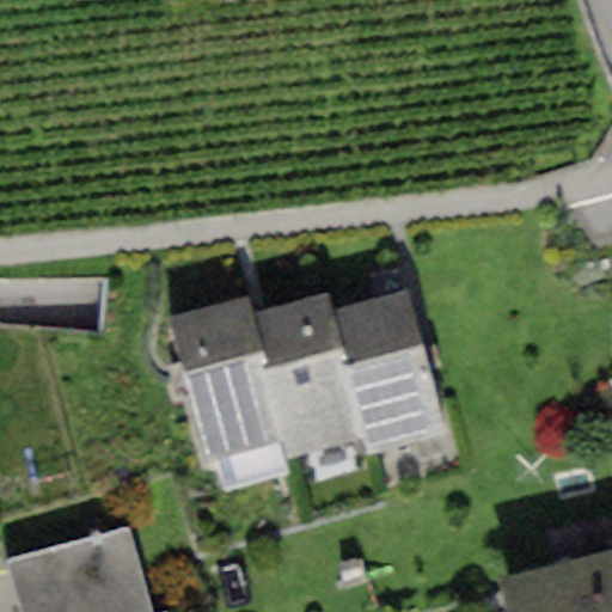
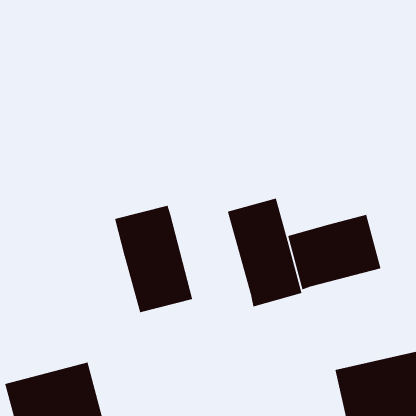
building: [252,295,368,457] -> none
building: none -> [287,214,382,290]

